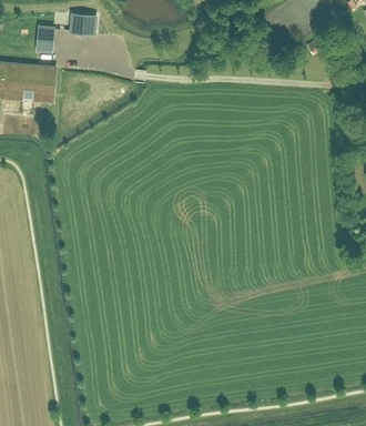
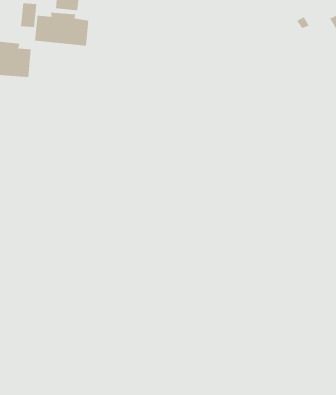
building: none -> [35,12,89,46]

